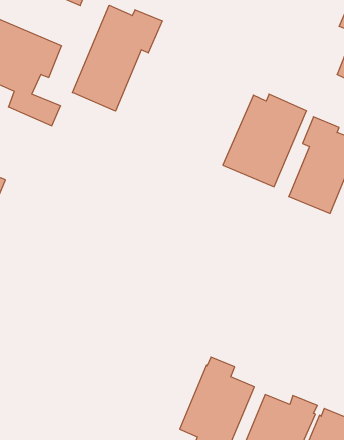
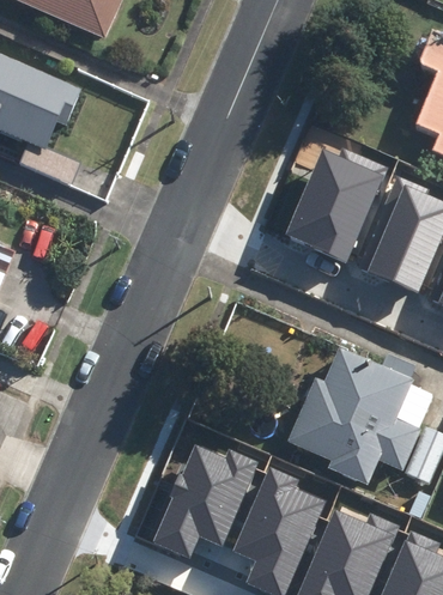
building: [72,5,162,111] -> none
building: none -> [286,348,420,486]
building: none -> [153,445,256,557]

